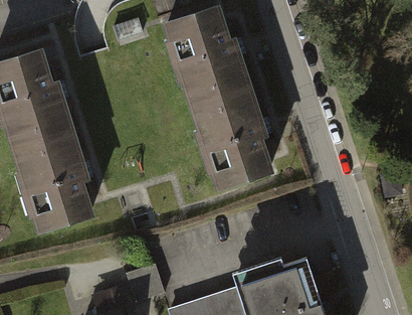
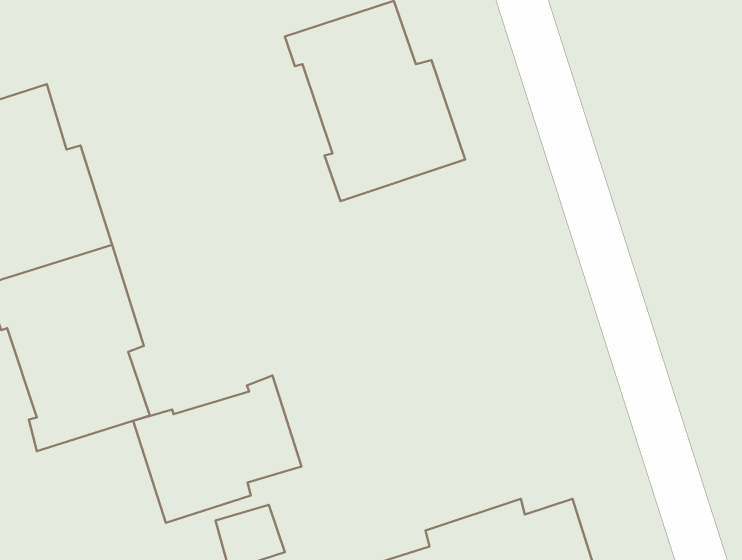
building: [190,89,274,193] -> none
building: none -> [133,375,302,523]

